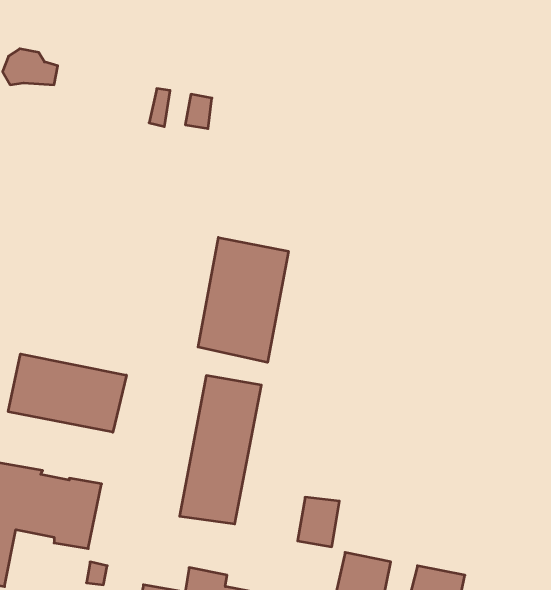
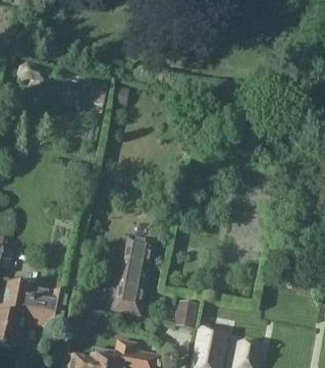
building: [198,237,288,362] -> none
building: [8,354,126,432] -> none

